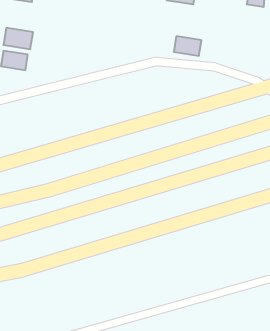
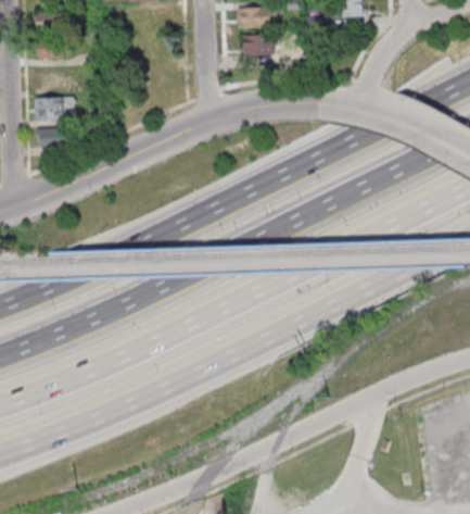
building: [174,36,201,56] -> [241,35,275,55]

